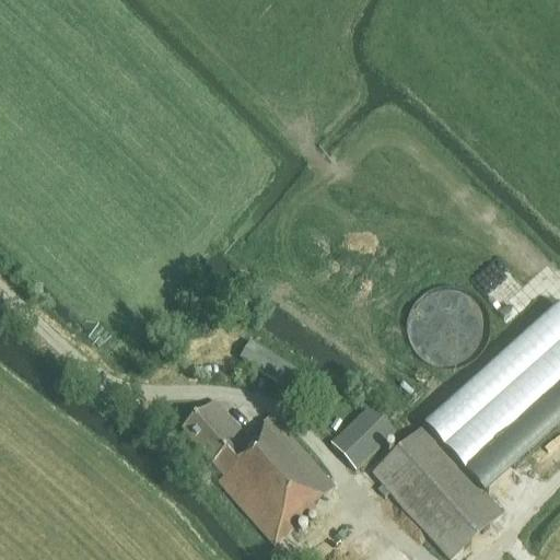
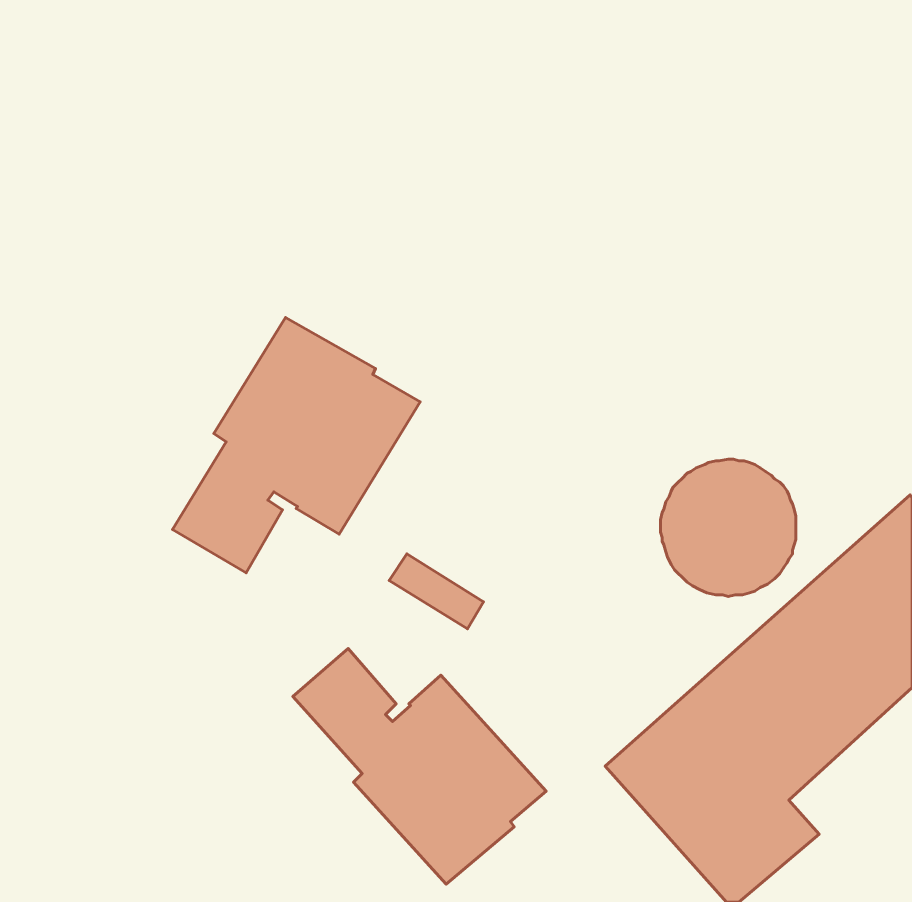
building: none -> [172,317,420,573]
building: [329,404,394,468] -> none

